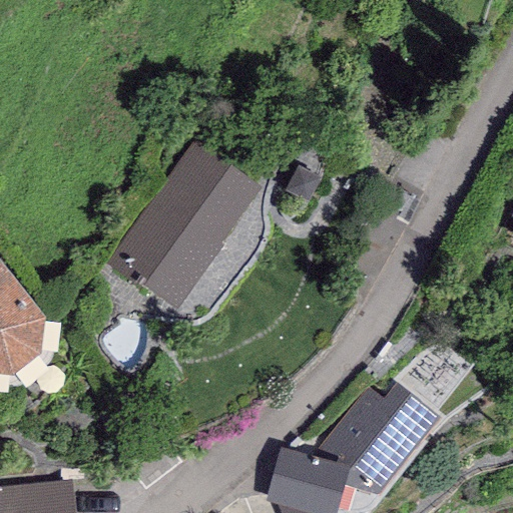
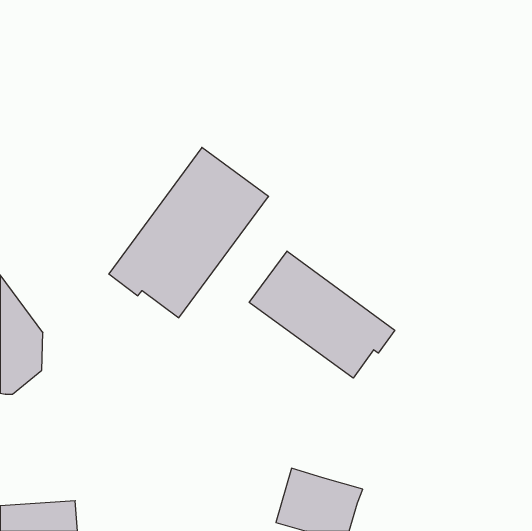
building: none -> [249,251,395,378]
building: [312,391,424,493] -> none

